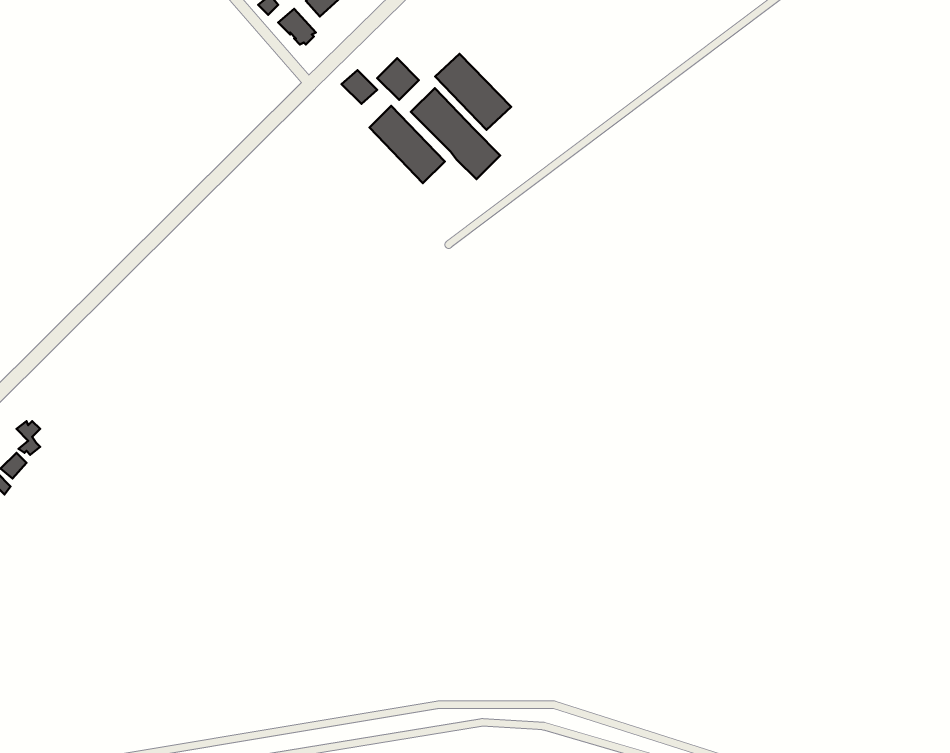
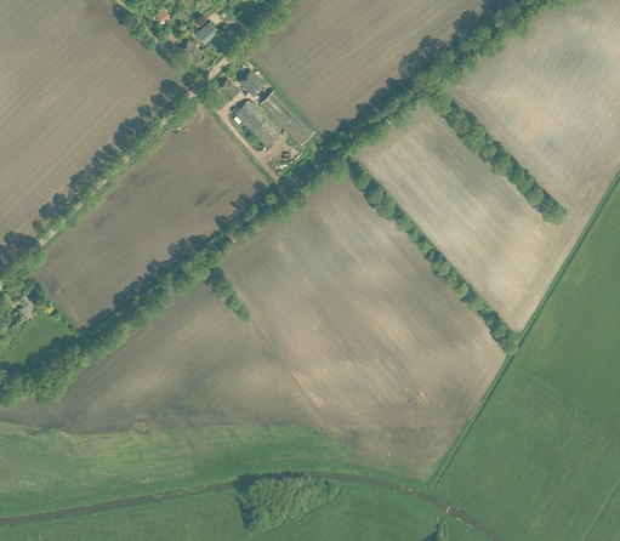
building: [435,54,511,130] -> none

